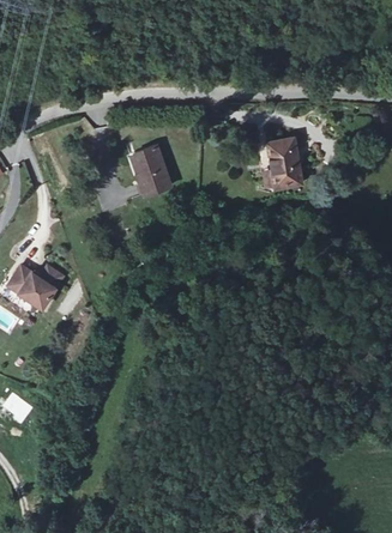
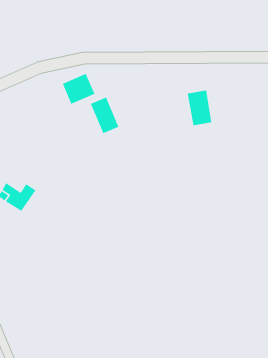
building: none -> [62,73,96,105]

